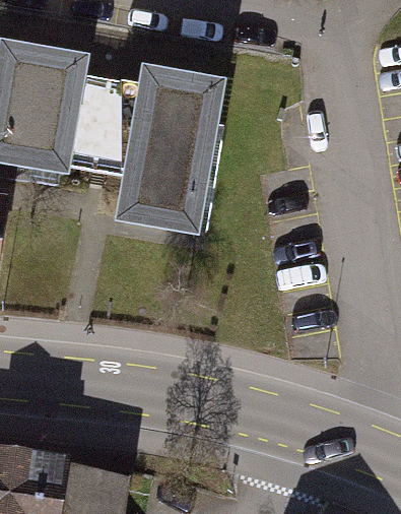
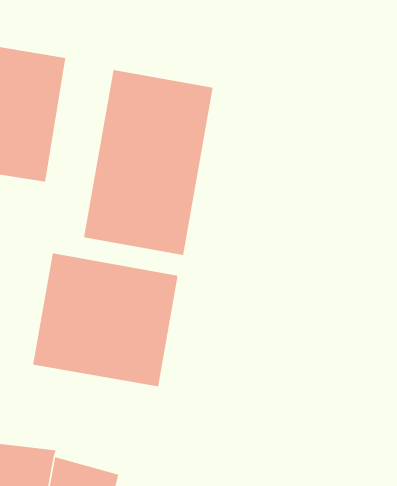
building: none -> [32,252,178,387]

